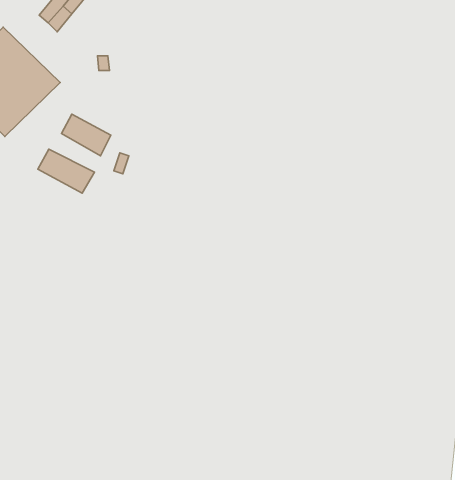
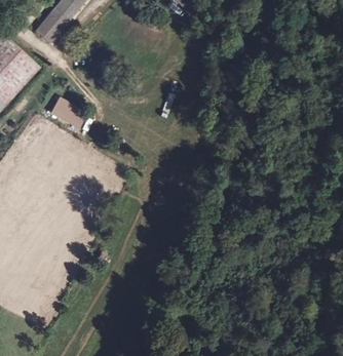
building: [38,149,94,193] -> none

